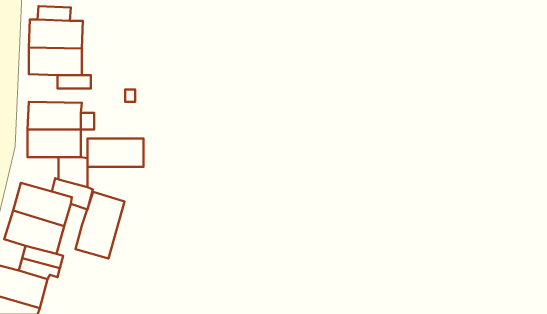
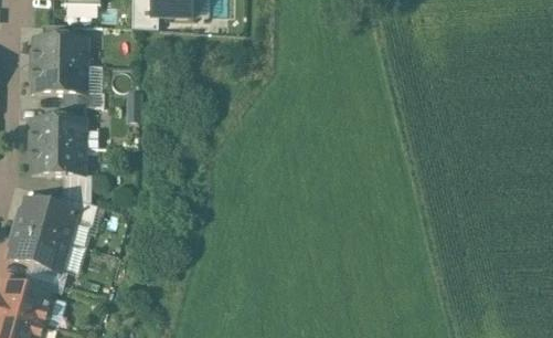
building: [87,138,143,167] -> none
building: [75,192,125,259] -> none

